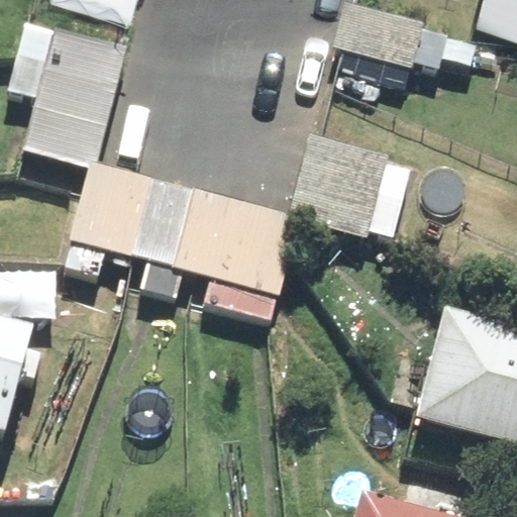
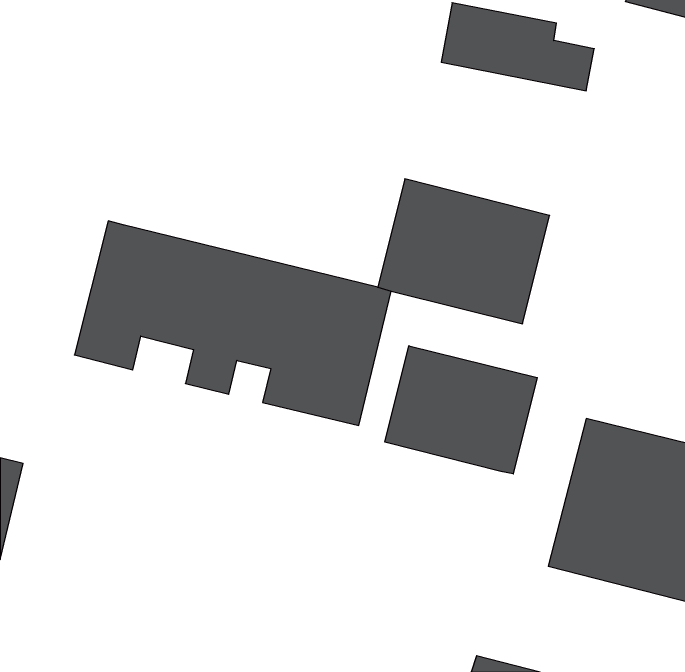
building: [9,22,127,168] -> none
building: none -> [385,346,537,474]

